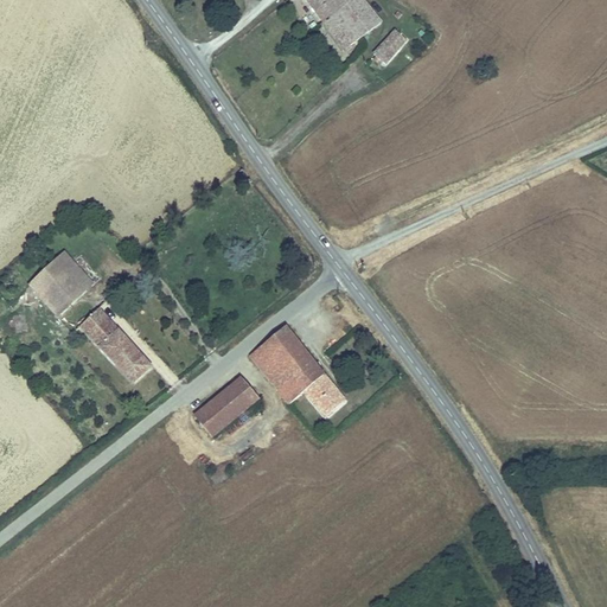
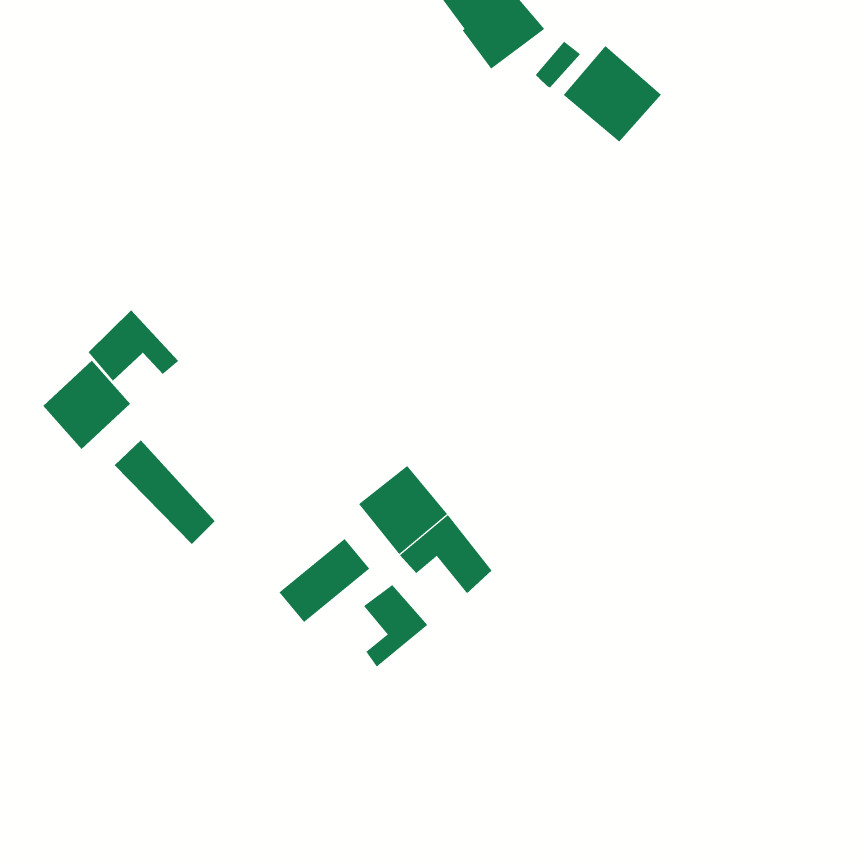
building: none -> [563,45,662,143]
building: none -> [88,309,179,382]
building: none -> [363,584,428,667]

